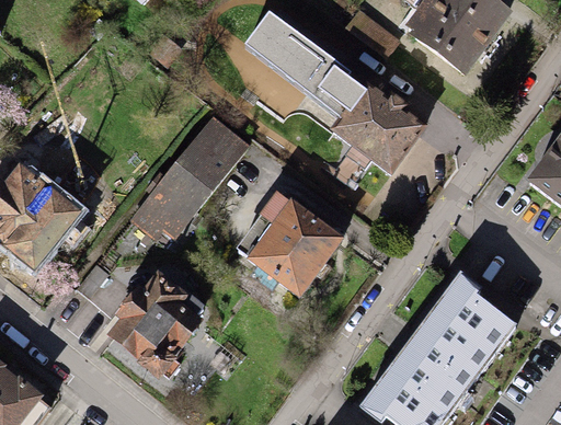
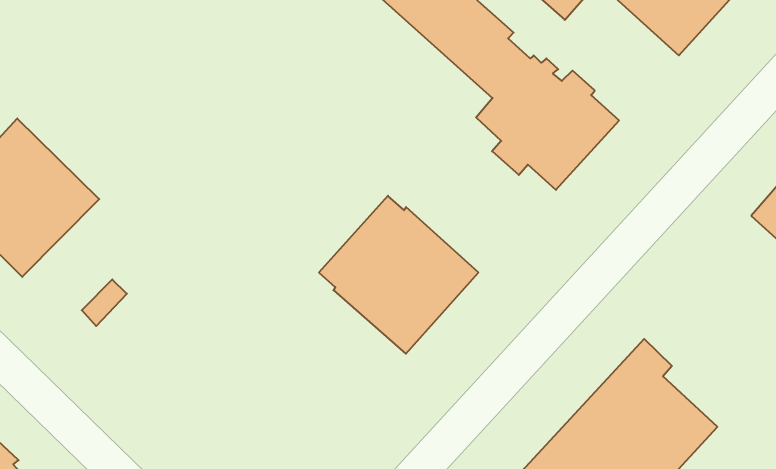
building: [130,116,249,239] -> none
building: [107,269,203,380] -> none

